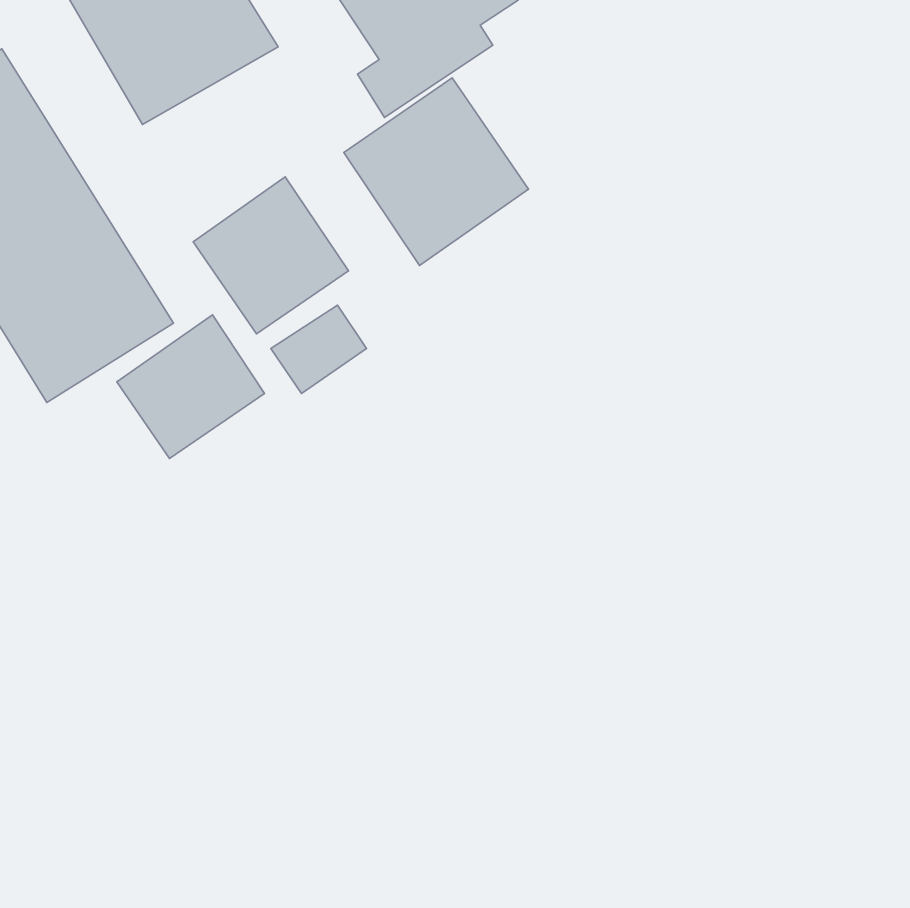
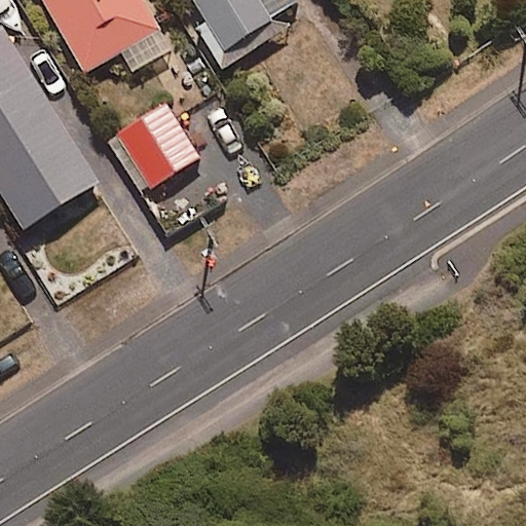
building: [344,78,529,266] -> none
building: [117,315,264,459] -> none

